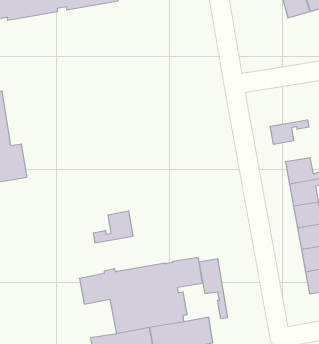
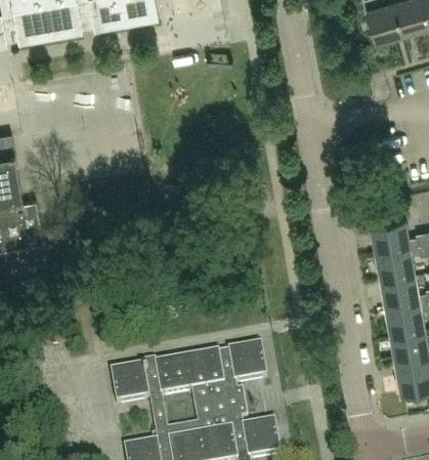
building: [270,120,309,144] -> none
building: [93,211,133,243] -> none
building: [199,259,228,319] -> none

